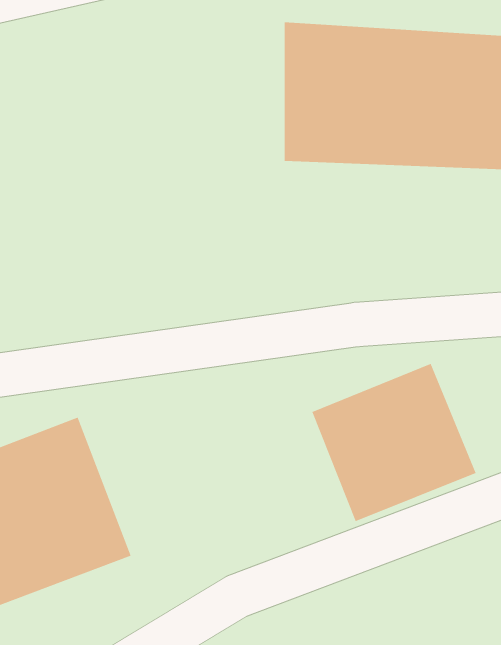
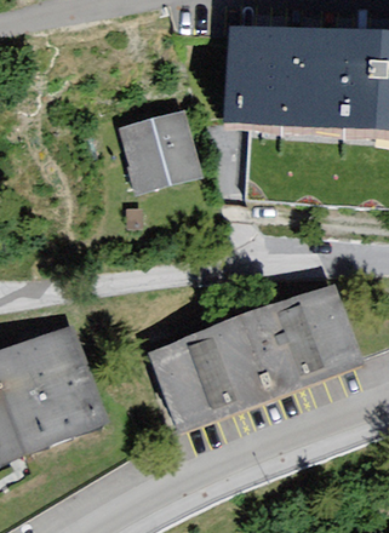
building: none -> [111,104,200,190]
building: none -> [148,315,278,436]

